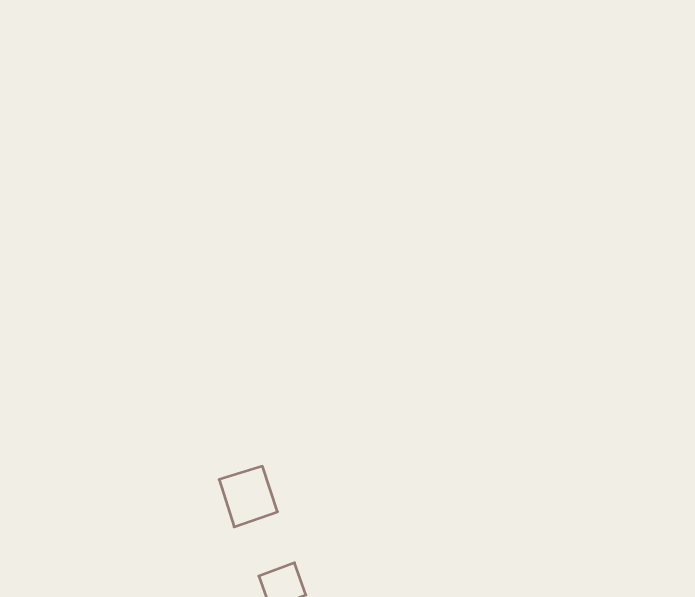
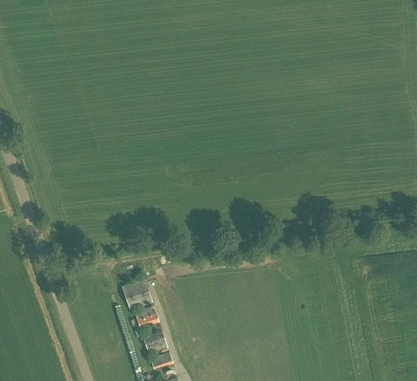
building: none -> [135,305,159,328]

